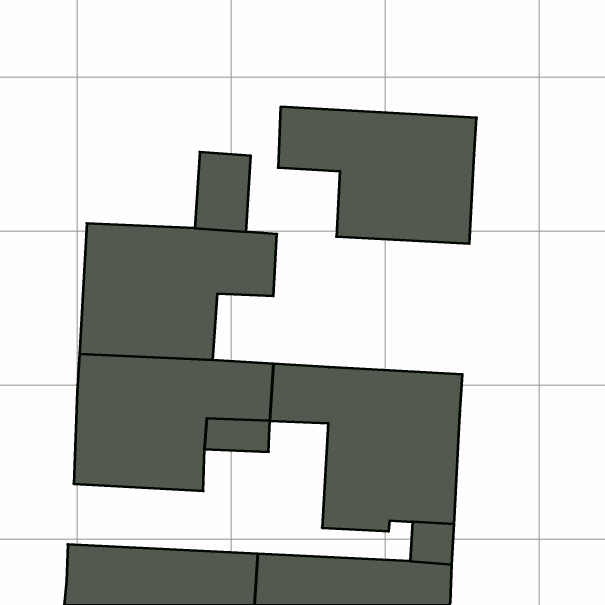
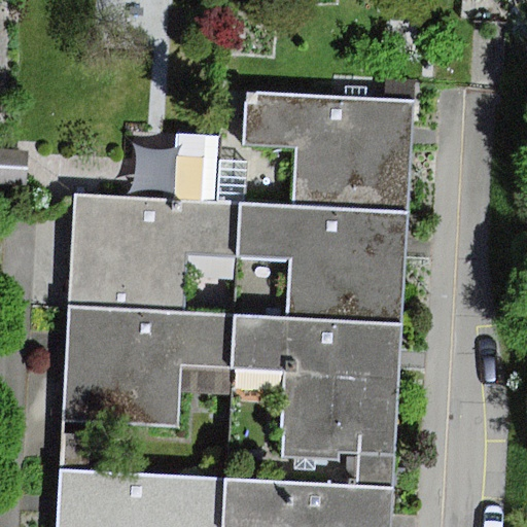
building: none -> [237,203,407,324]

